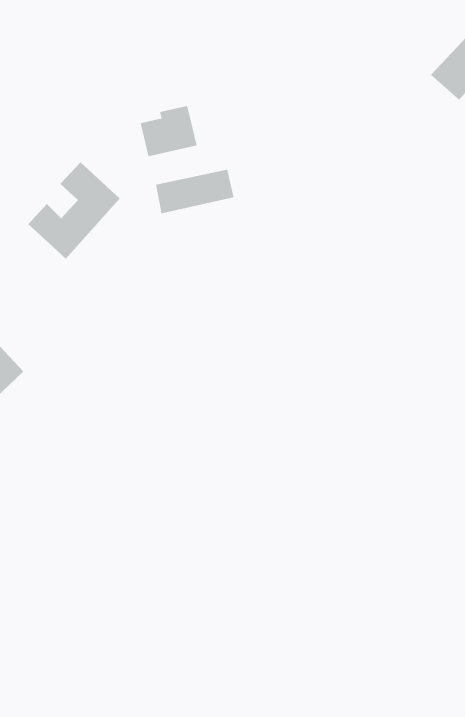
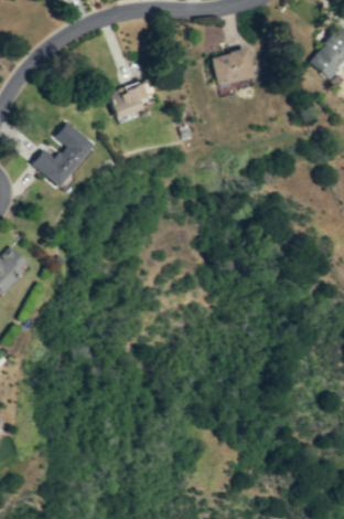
building: none -> [213,50,252,85]
building: [155,169,234,214] -> none

